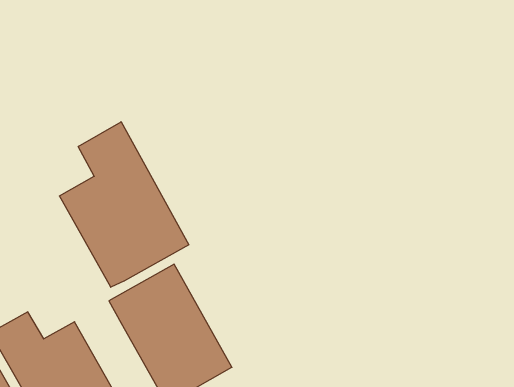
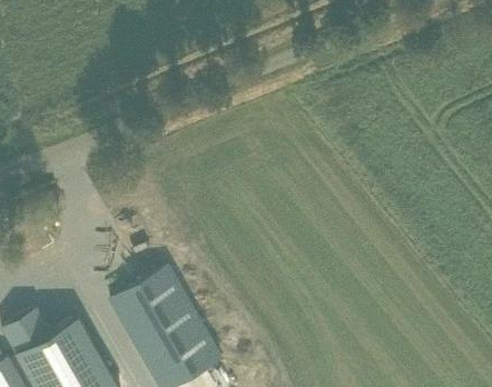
building: [59,122,189,287] -> none

